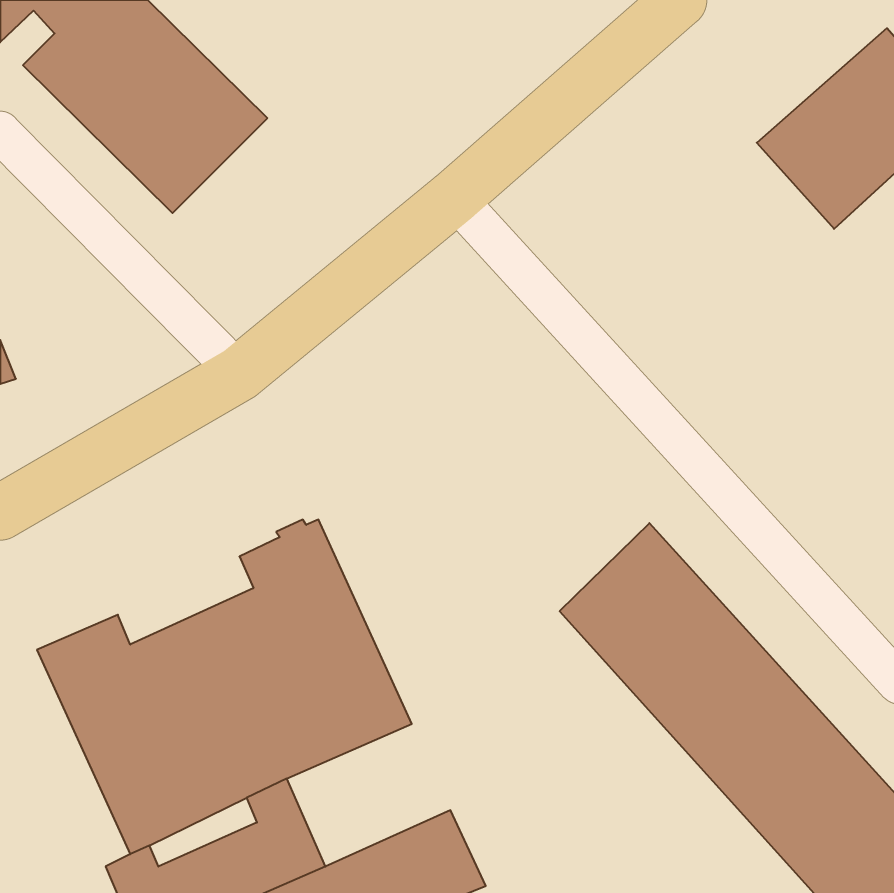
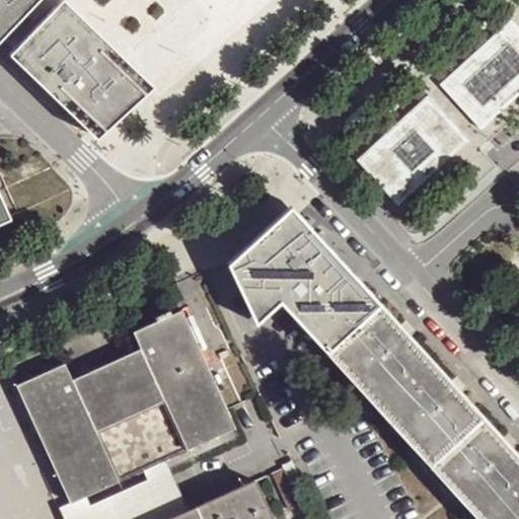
building: none -> [356,101,470,213]
building: none -> [225,213,377,356]

